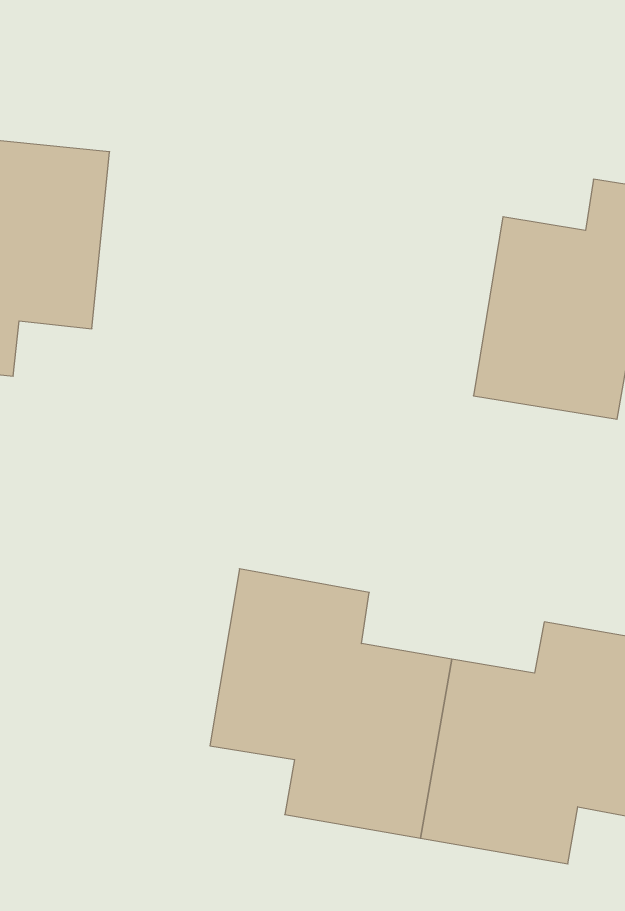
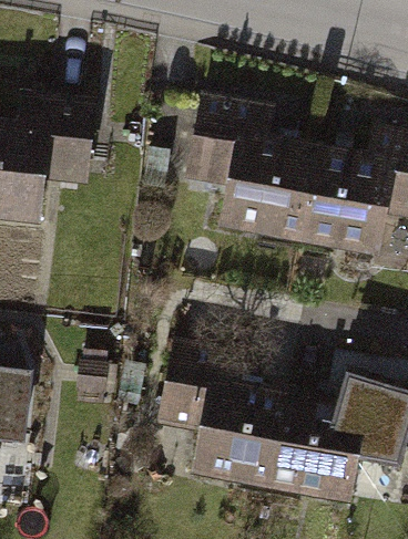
building: none -> [177,87,315,239]

